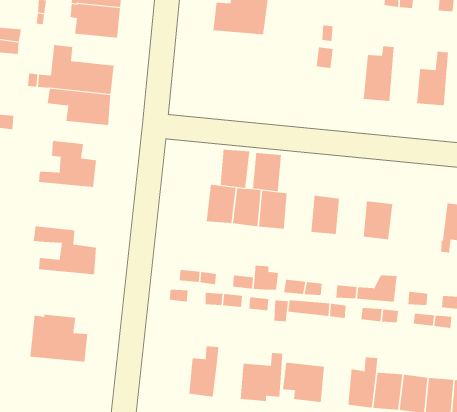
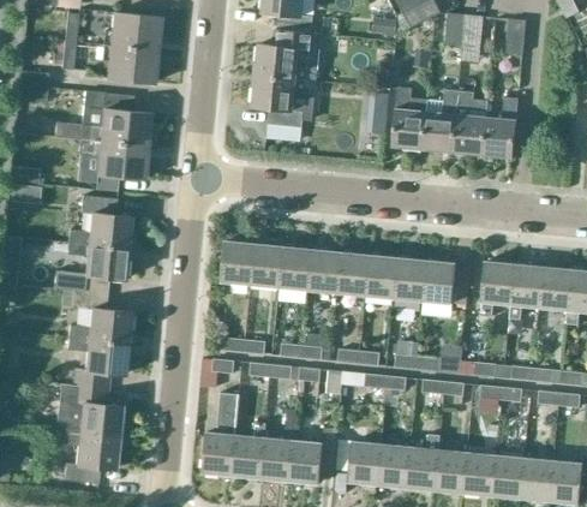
building: none -> [256,74,315,127]
building: none -> [394,88,429,150]
building: none -> [454,93,486,155]
building: [220,149,250,188] -> [222,241,256,285]
building: [252,153,282,192] -> [337,253,370,297]
building: none -> [53,241,127,294]
building: none -> [395,260,427,302]
building: none -> [479,262,516,317]
building: none -> [65,338,128,390]
building: none -> [203,394,238,475]
building: none -> [55,434,118,483]
building: none -> [259,439,292,481]
building: none -> [378,445,411,487]

